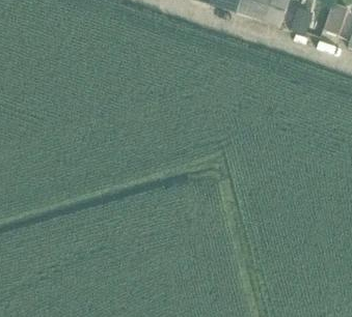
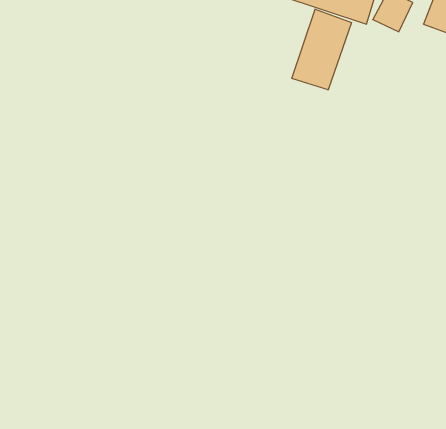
building: none -> [292,9,351,90]

